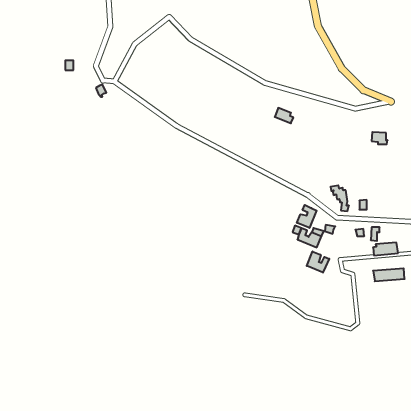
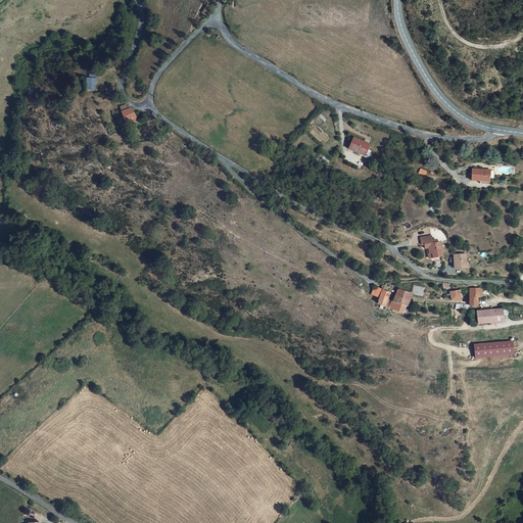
building: [297,205,317,228] -> none
building: [307,251,329,273] -> none

